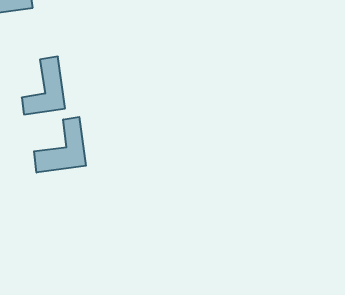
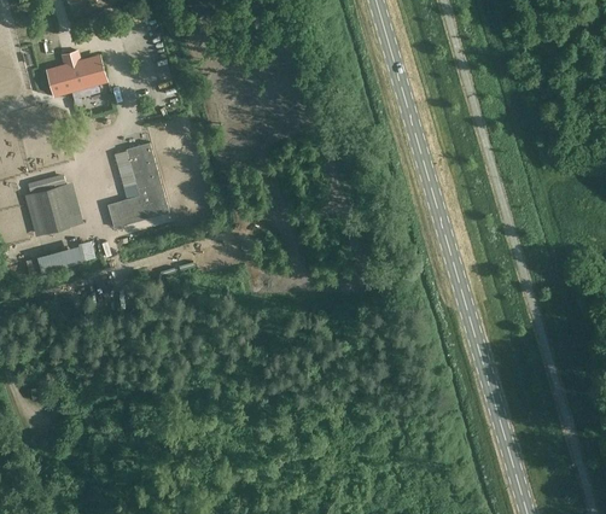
building: [34,117,86,173] -> none

